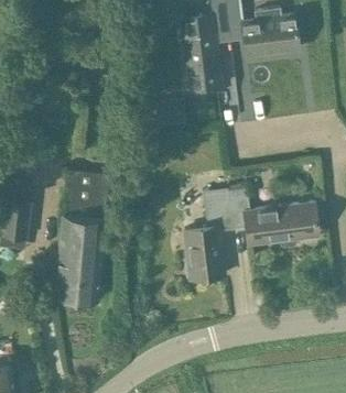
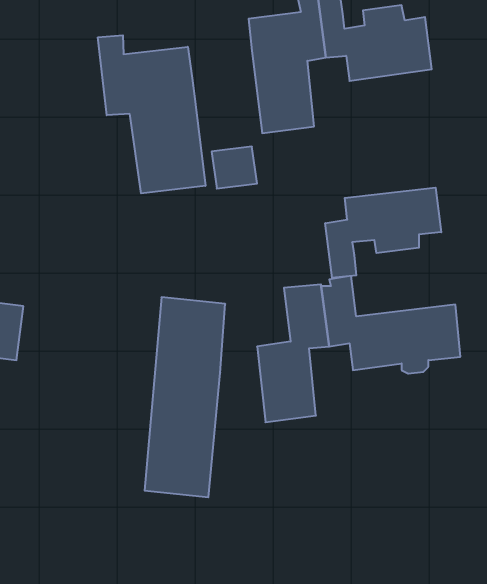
building: none -> [98,35,205,193]
building: none -> [325,188,441,278]
building: [55,171,108,302] -> [145,297,225,497]

